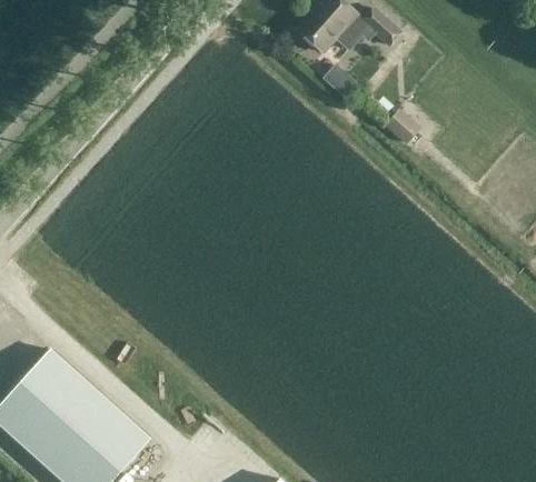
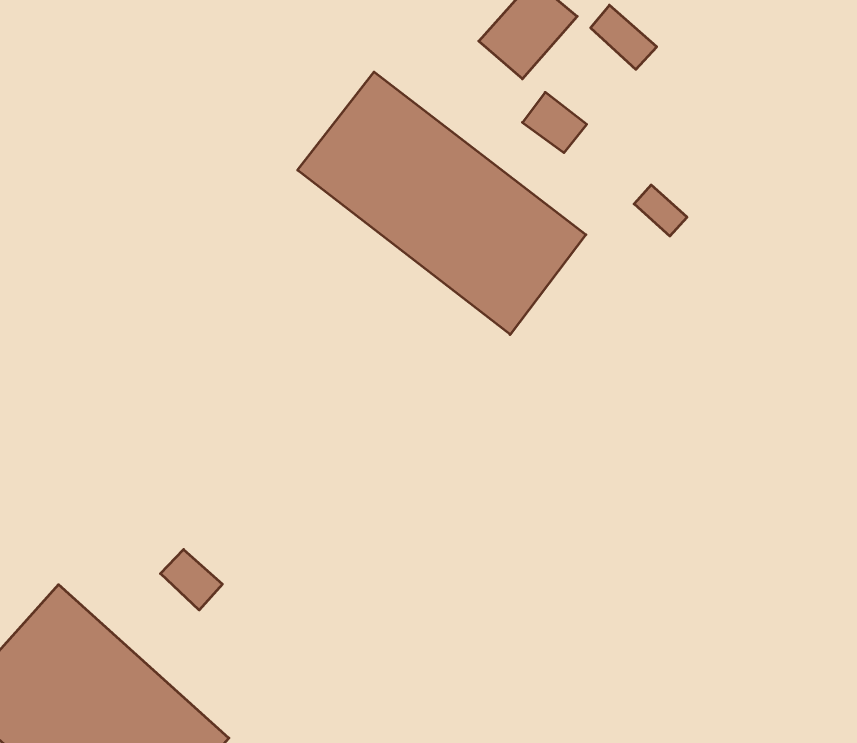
building: none -> [298,72,586,335]
building: none -> [160,549,222,610]

